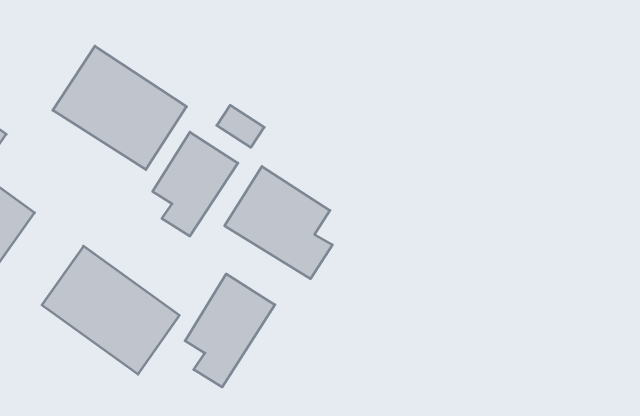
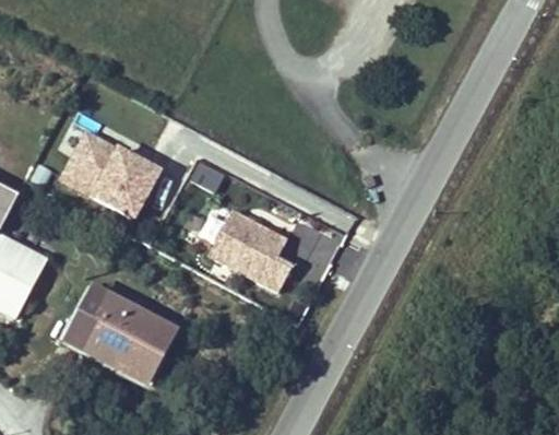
building: [153,132,238,236] -> none
building: [185,274,275,387] -> none

